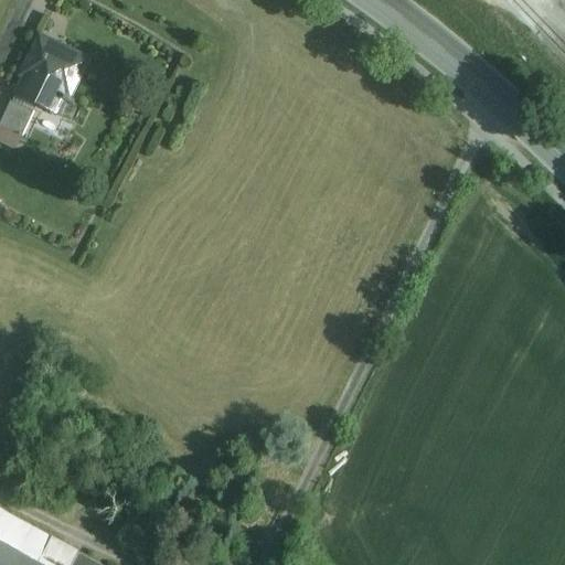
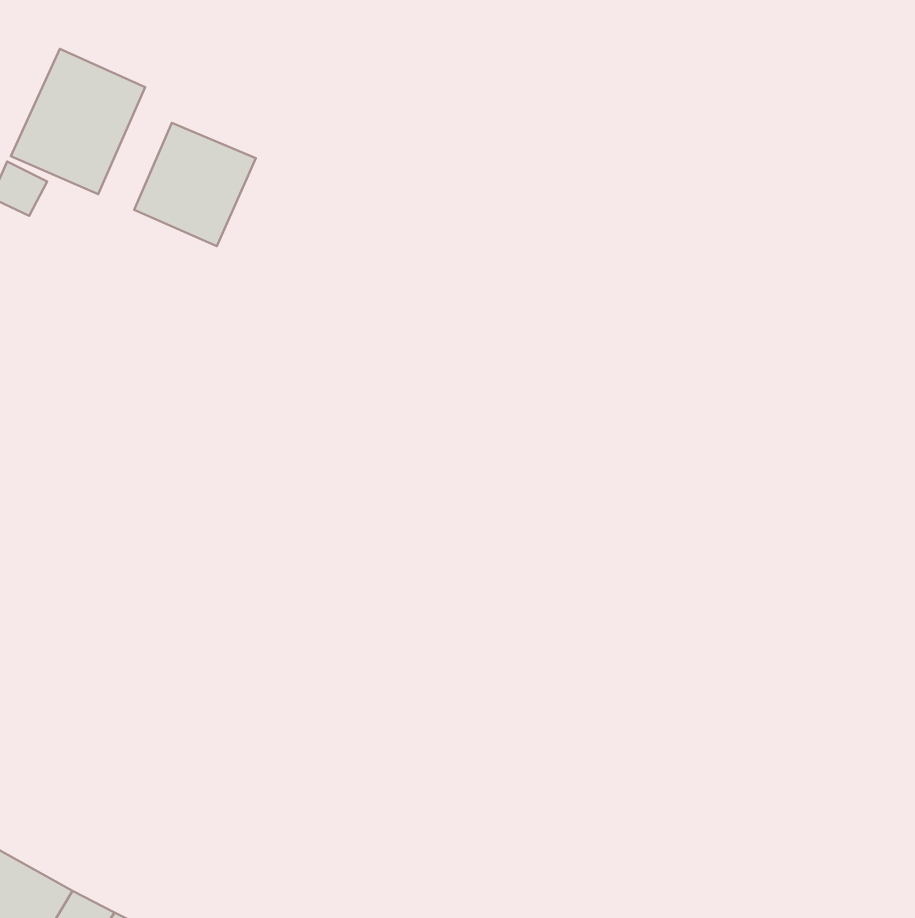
building: none -> [134,123,256,246]

